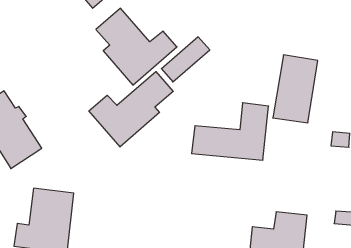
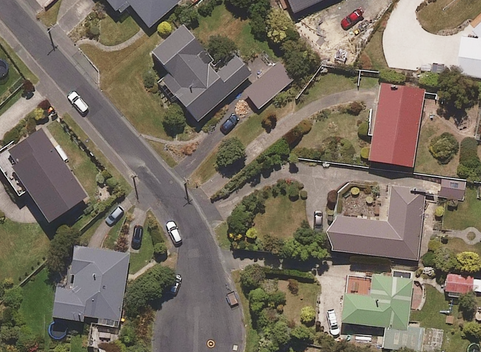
building: [89,72,173,147] -> none
building: [192,103,269,160] -> [329,189,423,259]

